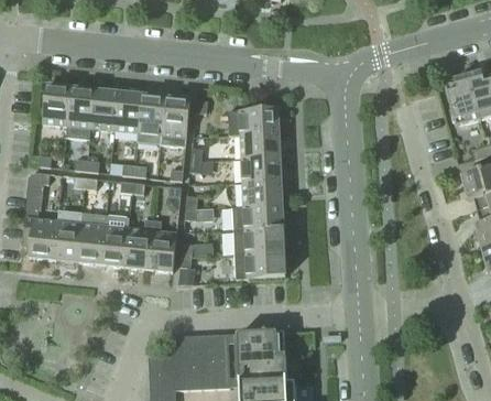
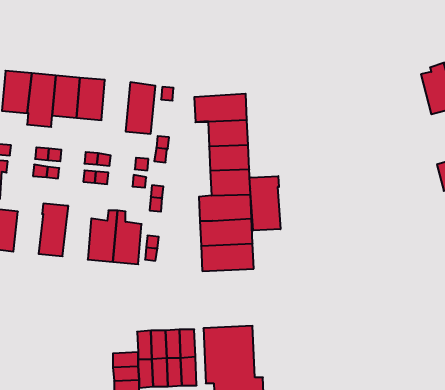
building: [137,94,165,143] -> none
building: none -> [250,176,280,231]
building: [53,209,81,261] -> none
building: [100,215,129,267] -> none

